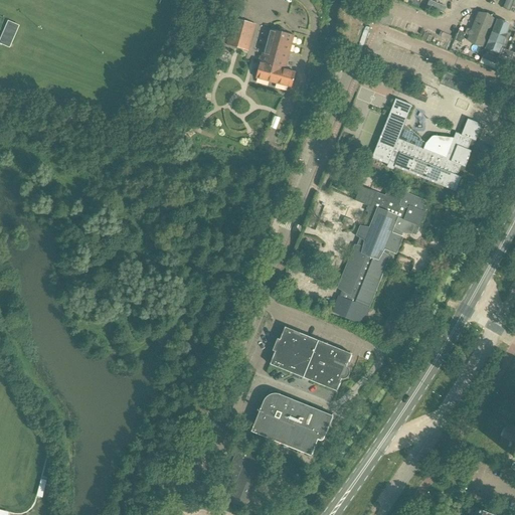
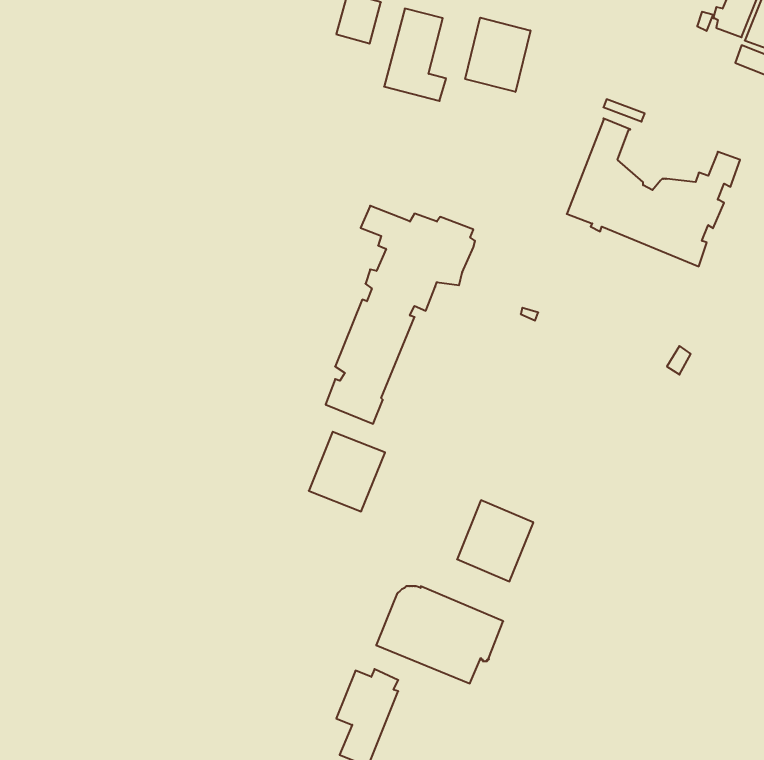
building: none -> [465,18,530,92]
building: [332,185,426,323] -> [326,206,475,424]
building: [270,326,318,376] -> [309,432,385,511]

